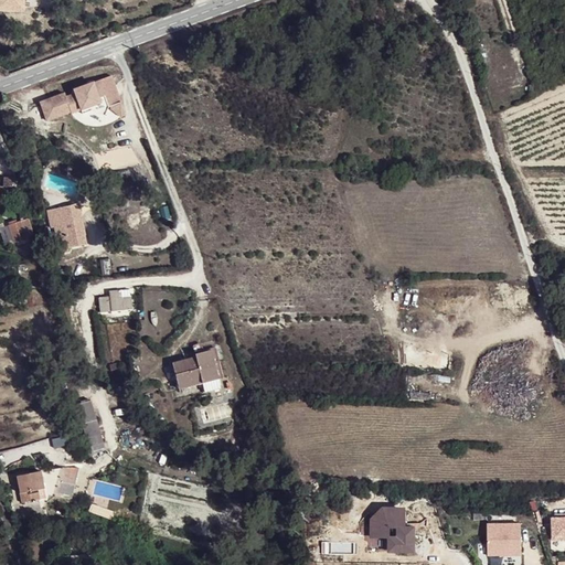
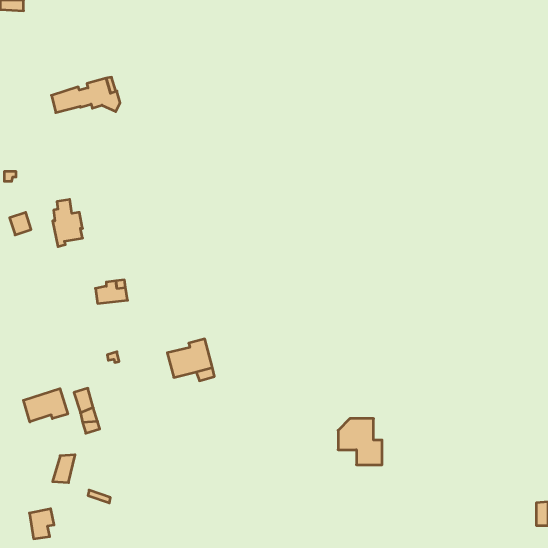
building: none -> [23,389,68,422]
building: [18,471,43,502] -> [29,509,54,539]
building: [369,505,414,553] -> [338,419,382,465]
building: [483,522,519,555] -> none

